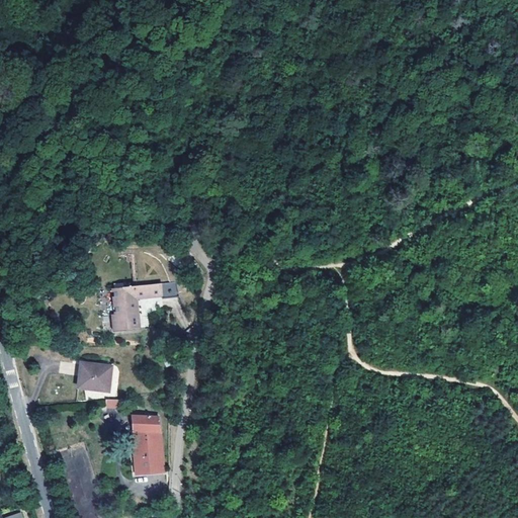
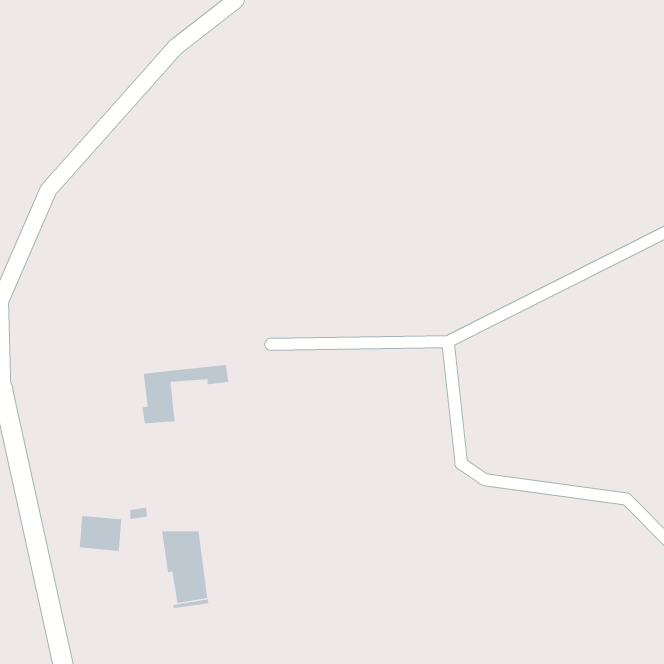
building: [73,361,106,390] -> [79,515,122,552]

